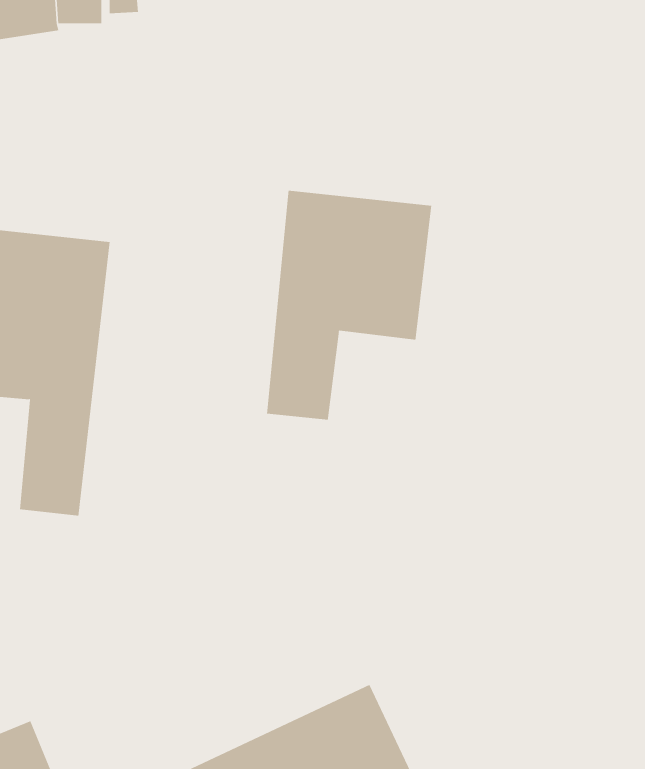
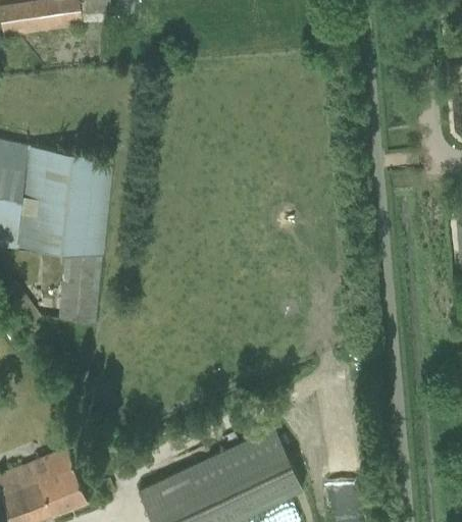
building: [266,190,432,420] -> none

